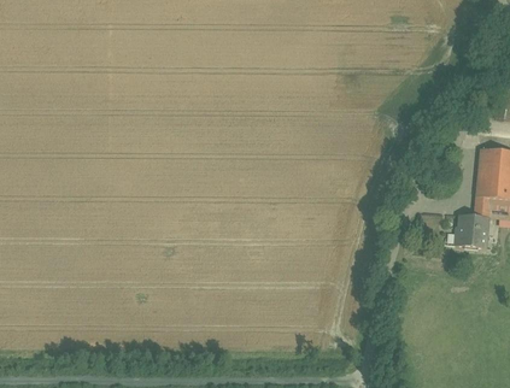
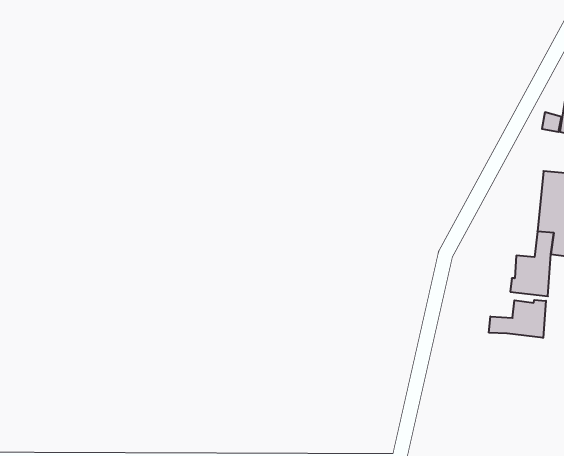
building: none -> [489,300,546,338]

